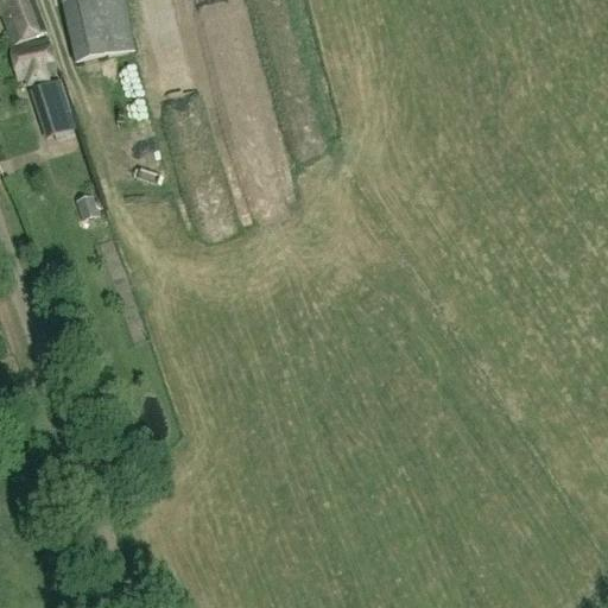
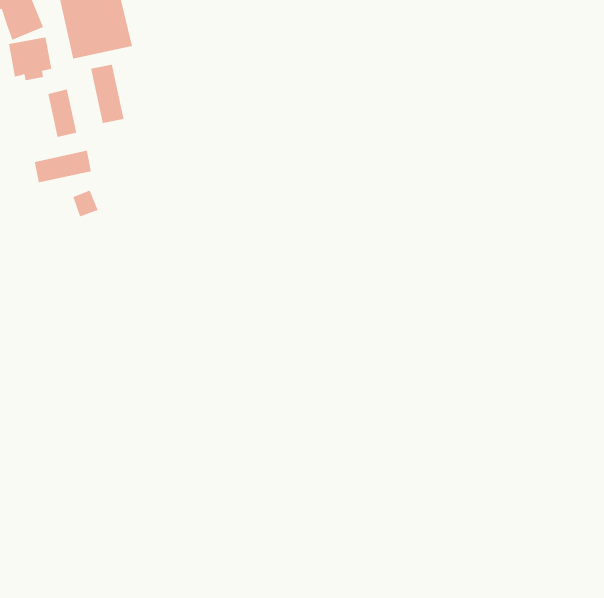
building: none -> [90,64,124,124]
building: none -> [34,150,91,183]

